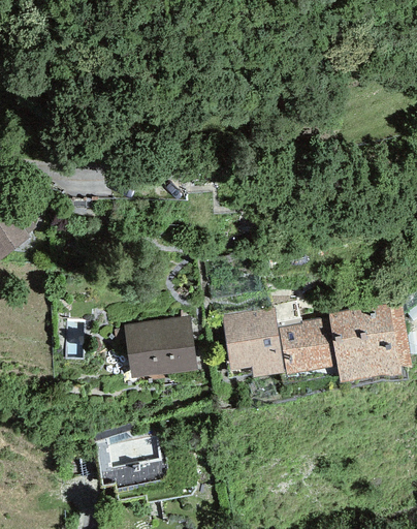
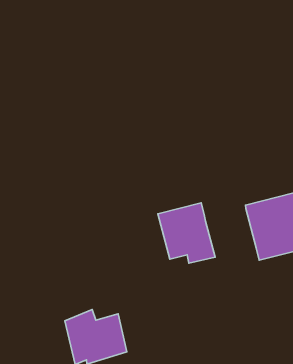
building: [124,314,198,377] -> none
building: [279,317,338,374] -> none

